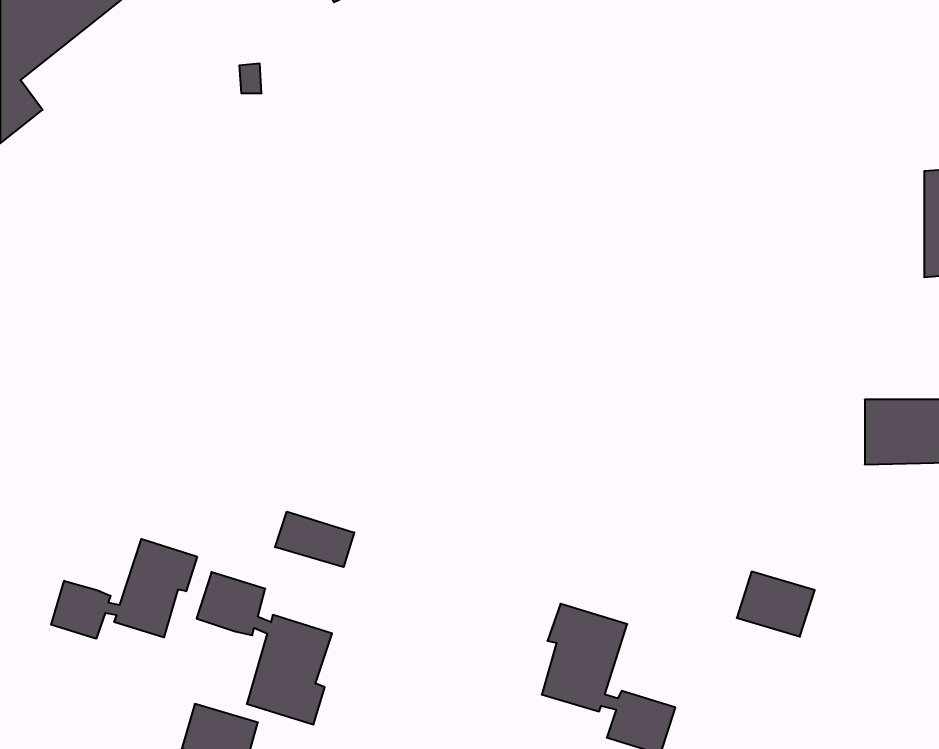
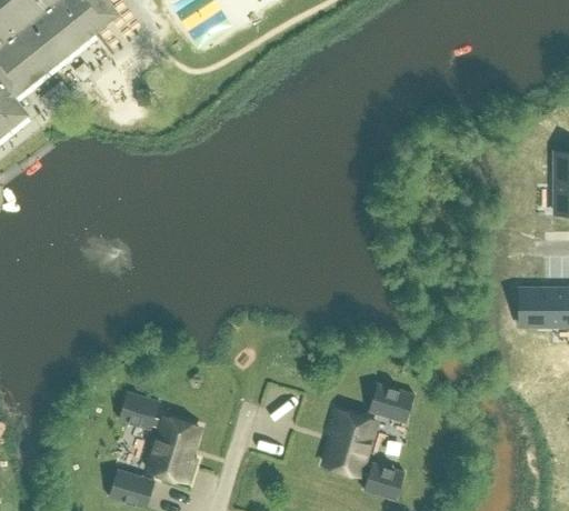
building: [275,512,354,567] -> none
building: [51,539,197,639] -> none
building: [737,572,815,637] -> [369,383,416,422]

